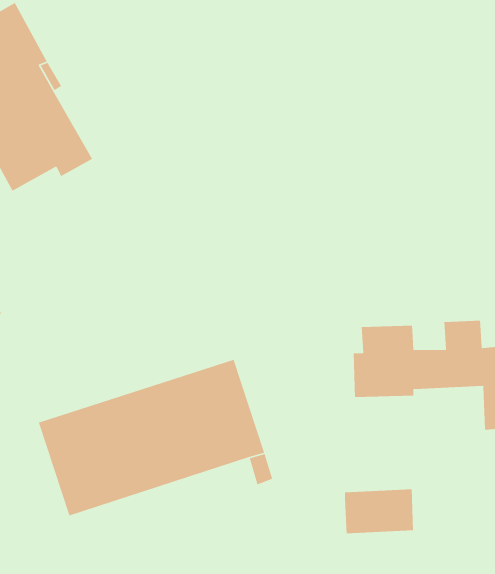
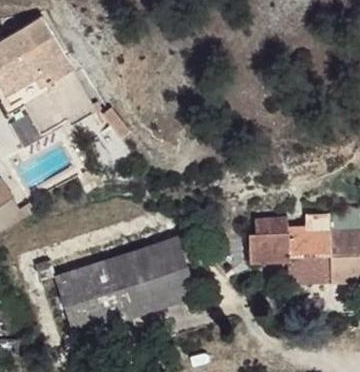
building: [344,489,414,534] -> [287,253,330,281]

